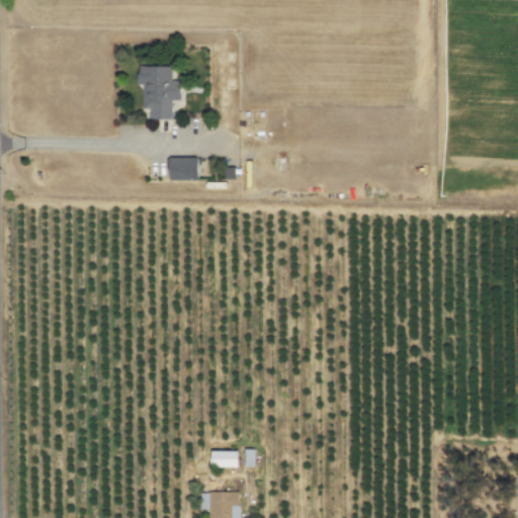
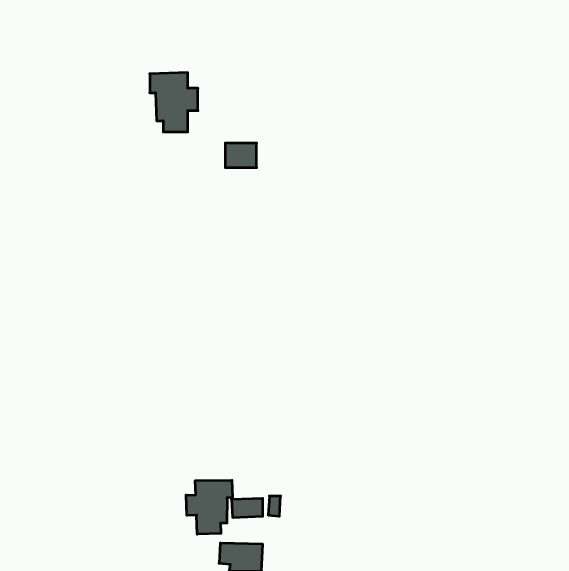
building: [170,158,198,180] -> [225,143,257,168]
building: none -> [186,480,232,534]

